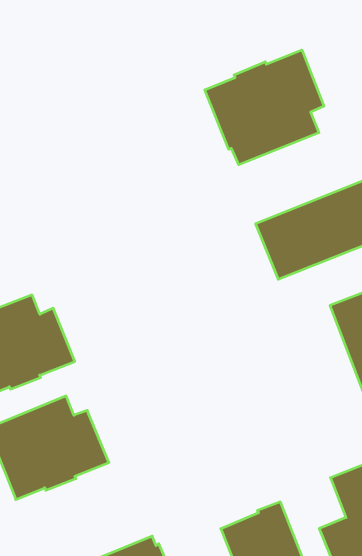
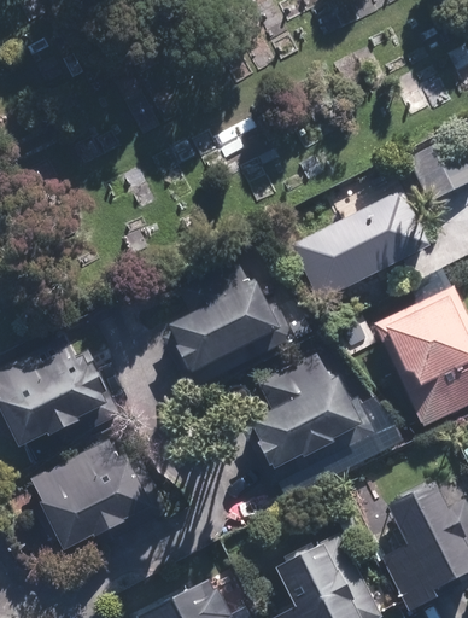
building: [205,50,324,165] -> none
building: none -> [170,257,294,385]
building: none -> [251,354,374,479]

